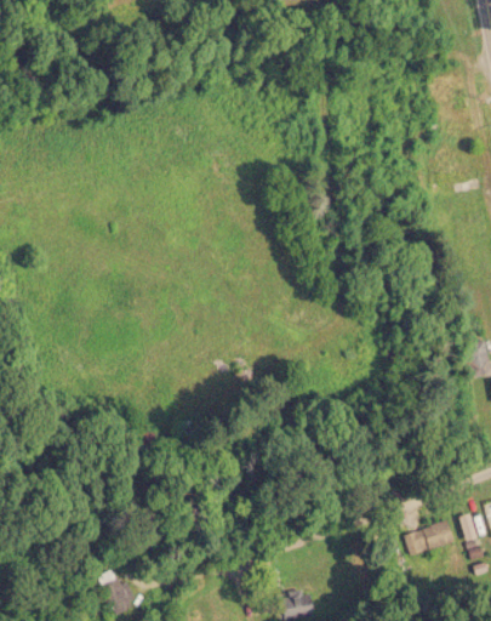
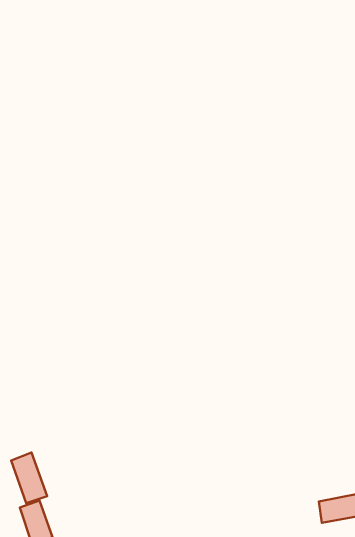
building: none -> [11,452,47,503]

